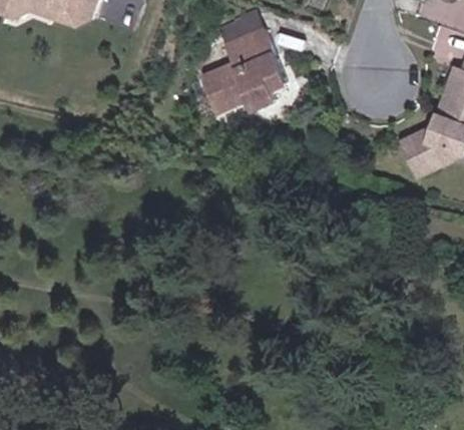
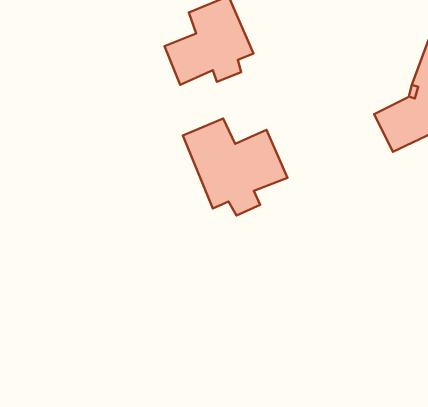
building: none -> [183,119,287,216]

